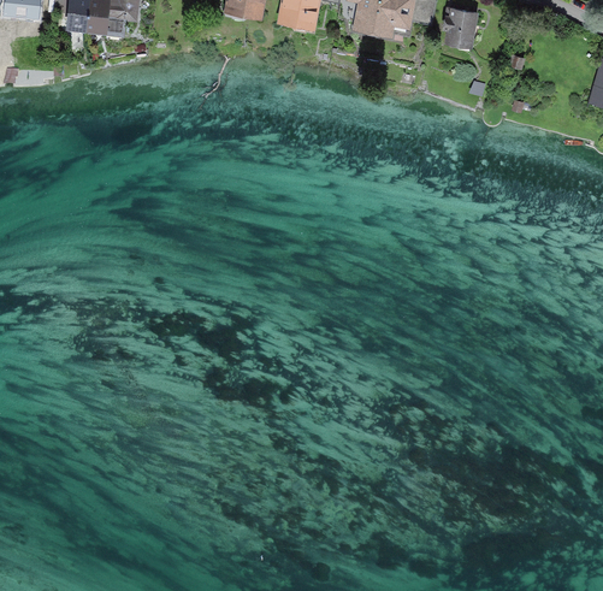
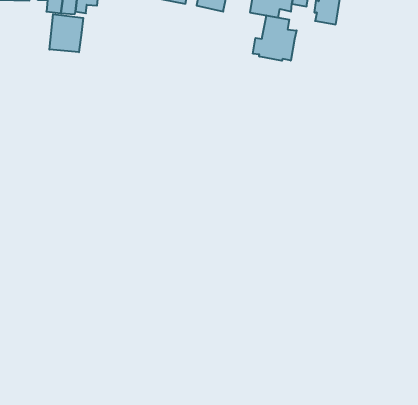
building: none -> [49,14,83,52]
building: none -> [253,15,297,61]

